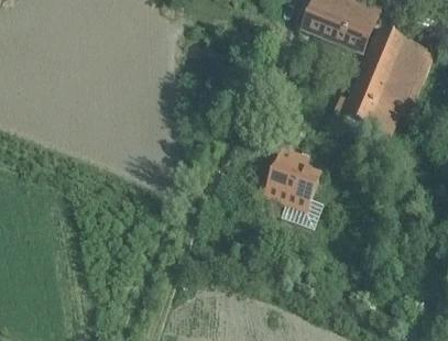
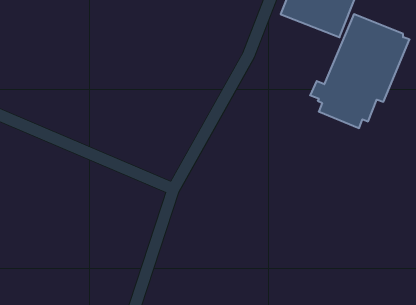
building: [262,145,321,228] -> none

